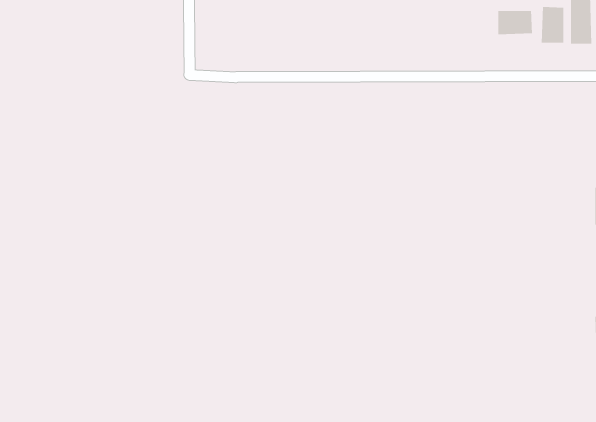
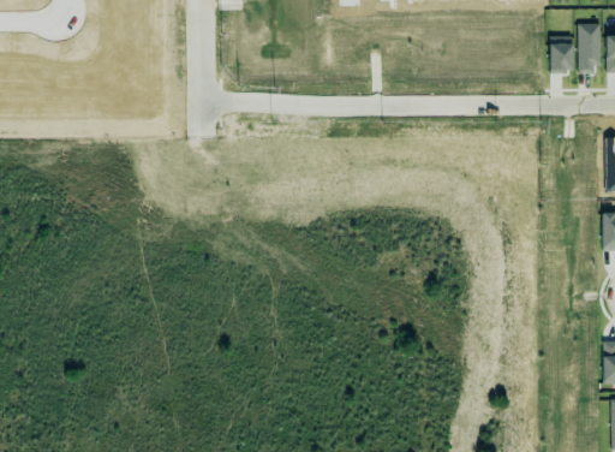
building: [498,10,533,35] -> none

